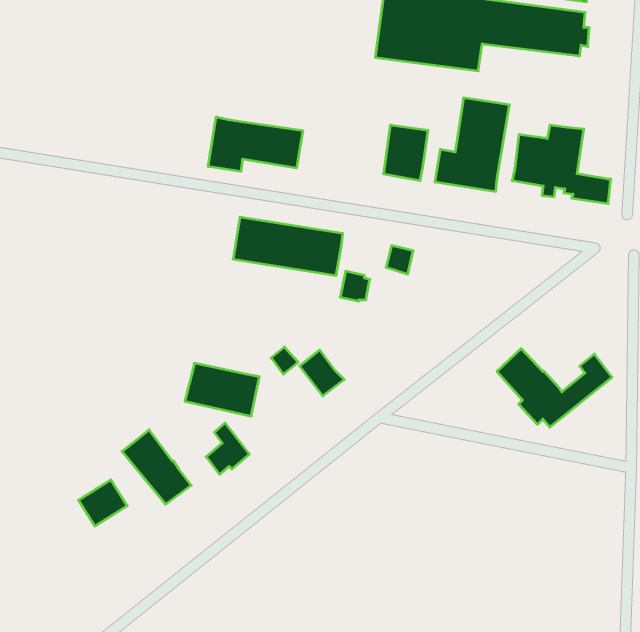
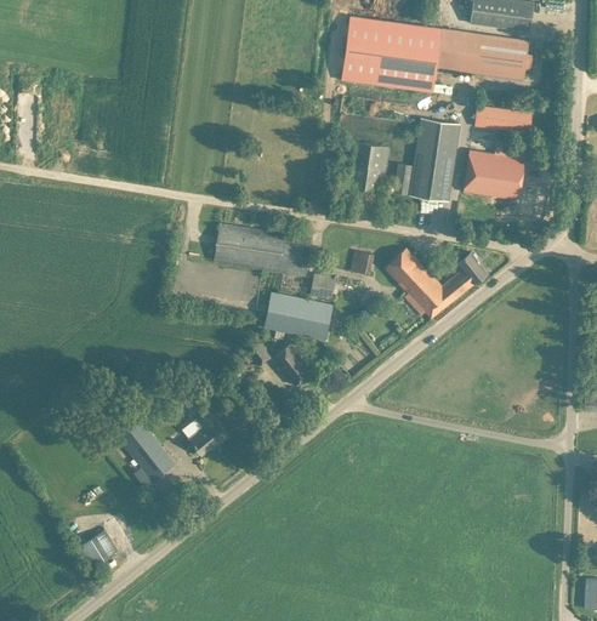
building: none -> [473,106,531,132]
building: [208,117,303,171] -> none
building: [497,349,612,427] -> [383,246,487,317]
building: [185,363,259,416] -> [265,292,331,340]
building: [78,480,127,526] -> [75,529,119,570]

